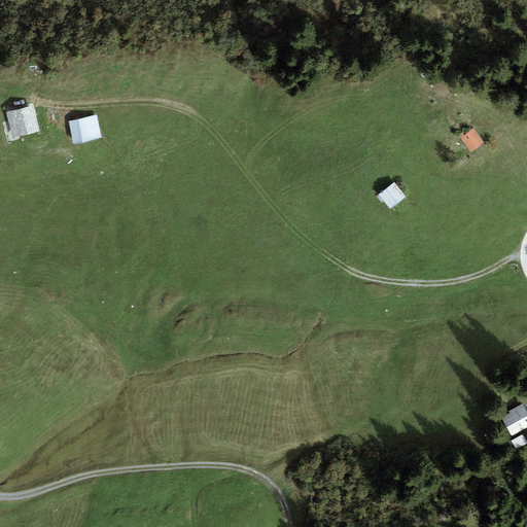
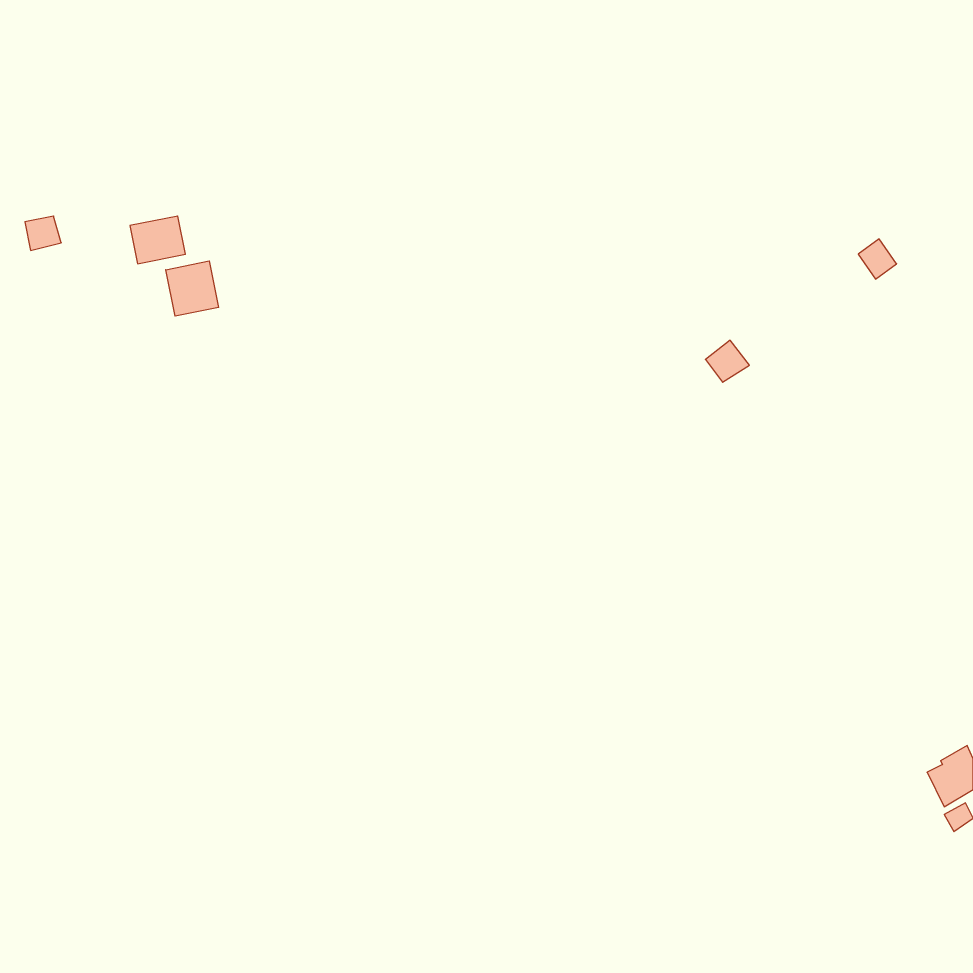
building: none -> [166,261,219,316]

